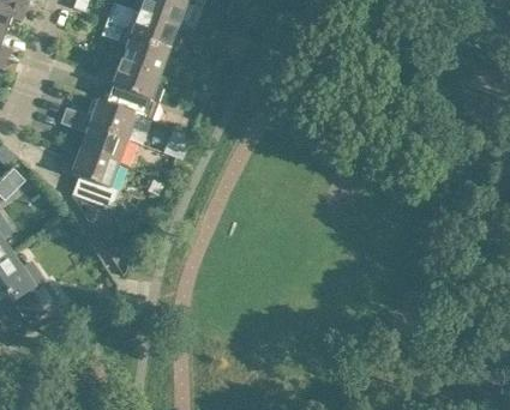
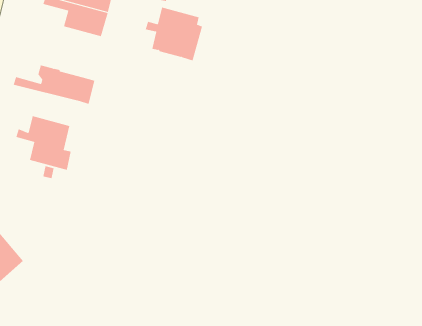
building: [101,60,161,119] -> [145,7,203,61]
building: [60,115,127,163] -> none

